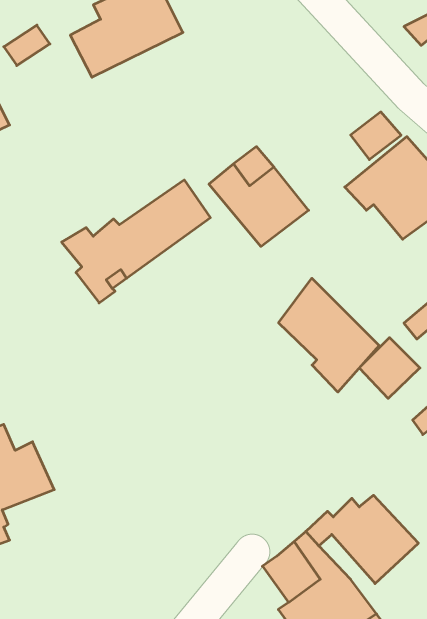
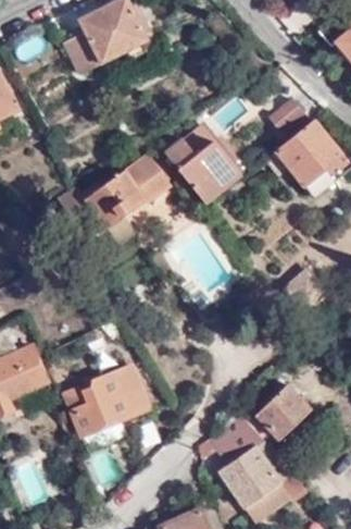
building: [279,278,379,392] -> none
building: none -> [65,371,149,436]

